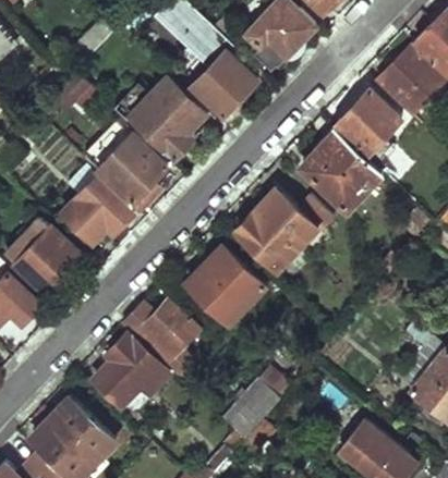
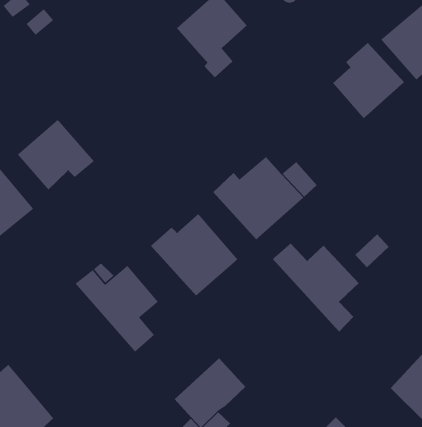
building: [130,78,204,158] -> none
building: [303,132,382,209] -> none
building: [99,133,166,201] -> none
building: none -> [272,242,359,332]
building: [93,336,168,407] -> none

